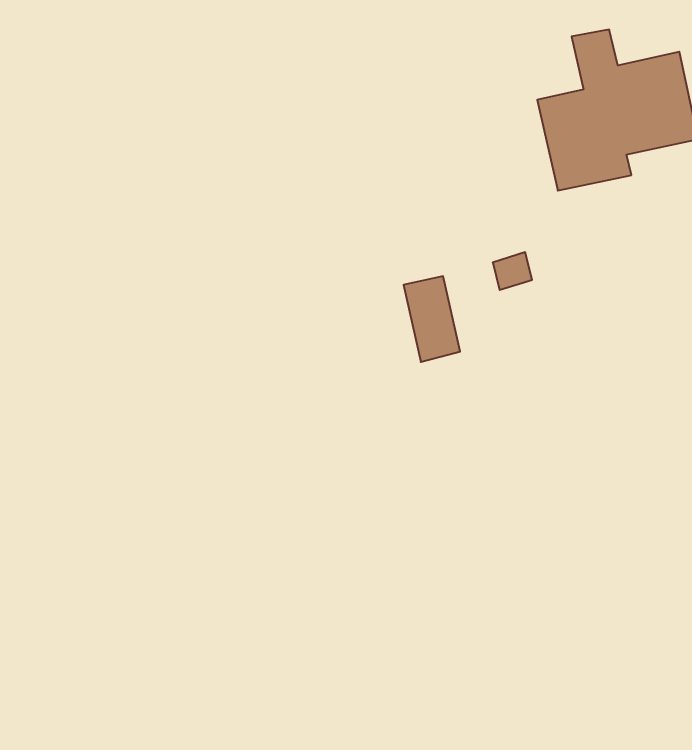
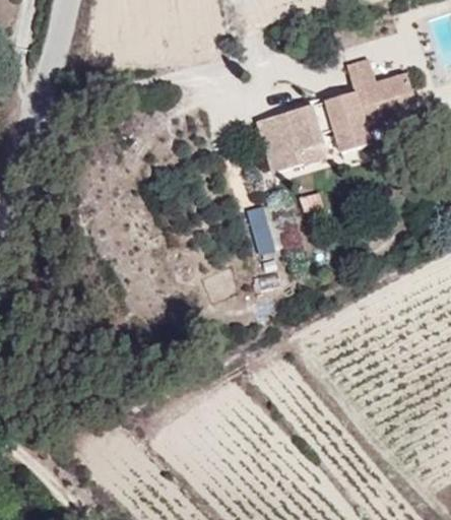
building: none -> [255,105,326,172]

